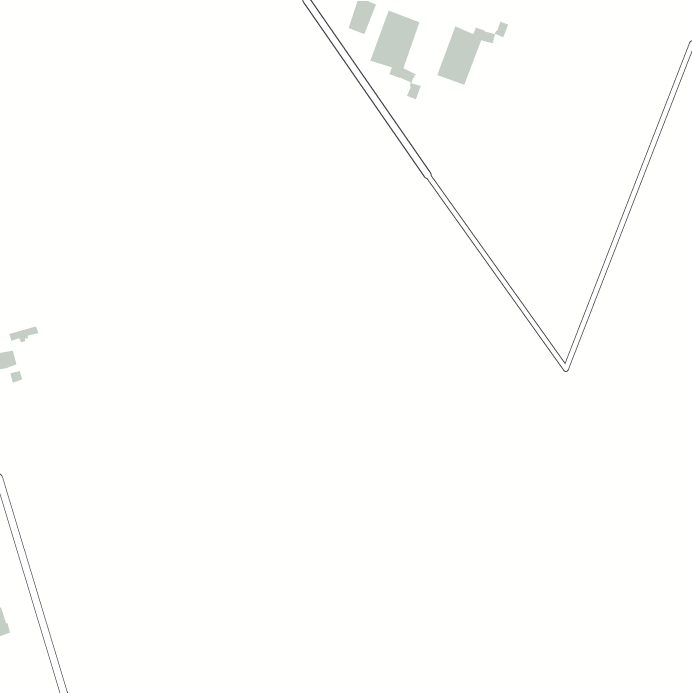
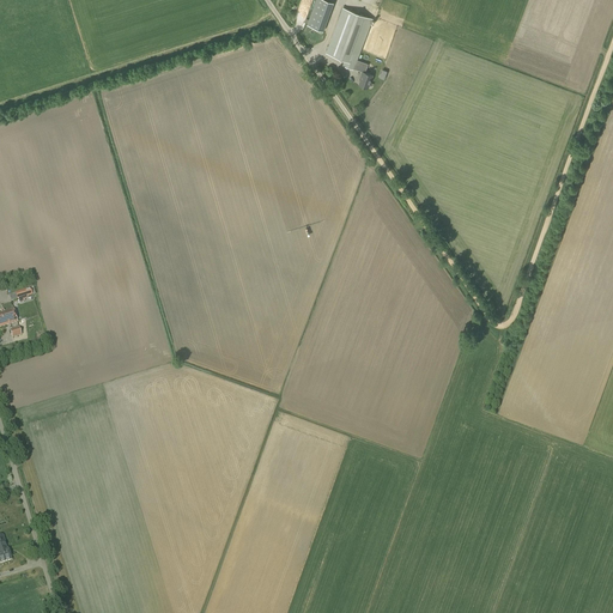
building: [436,21,509,86] -> none

